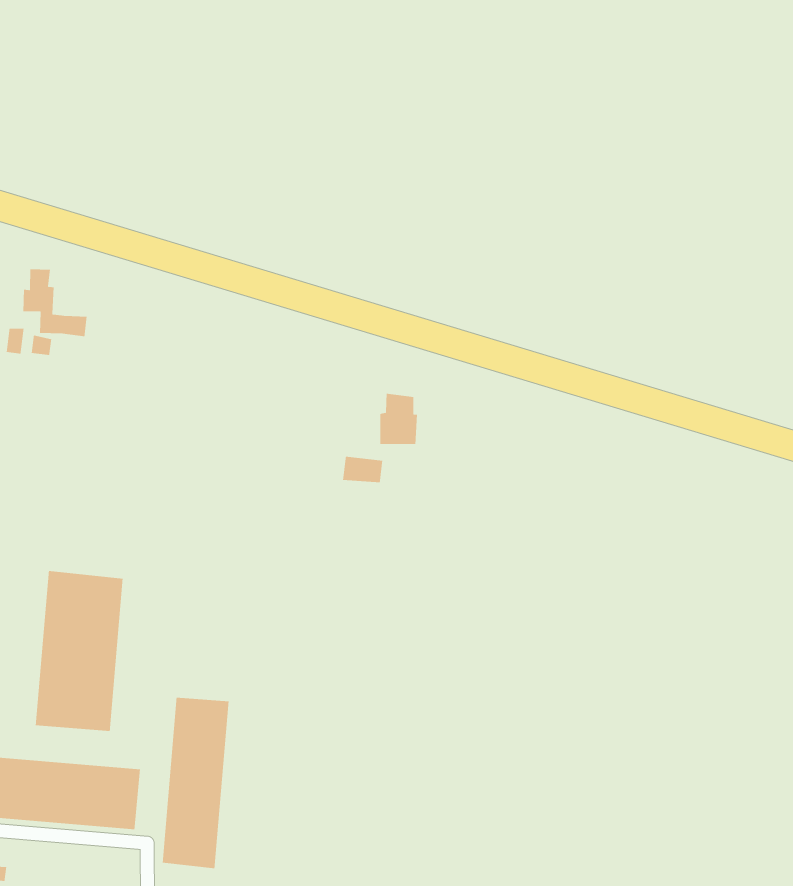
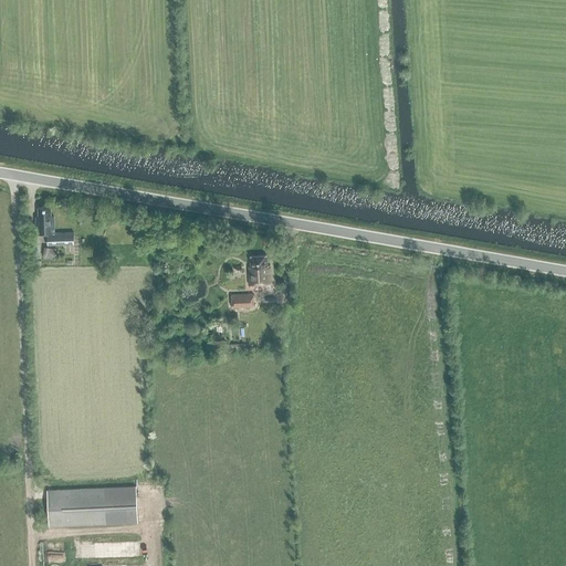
building: [35,570,124,732] -> none
building: [162,697,229,869] -> none

